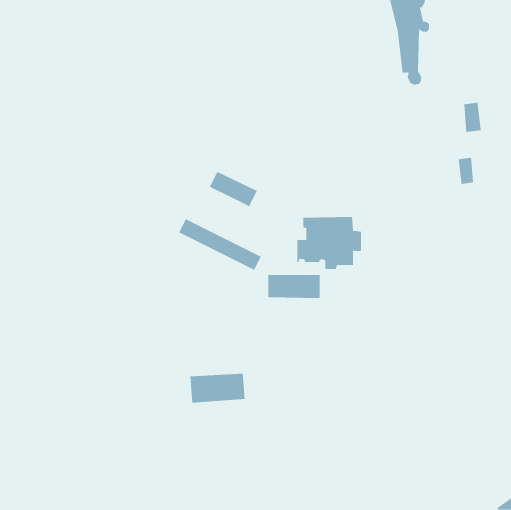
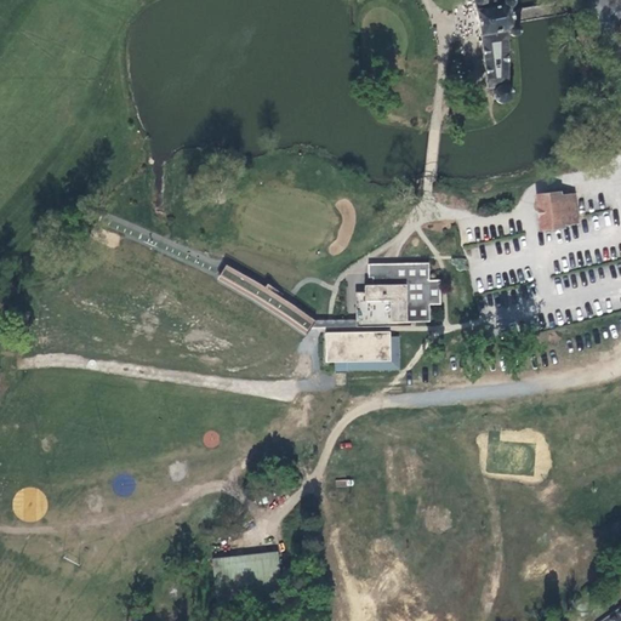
building: [463,102,481,132] -> [537,190,559,227]
building: [209,171,258,207] -> none
building: [190,373,246,403] -> [213,551,281,587]

